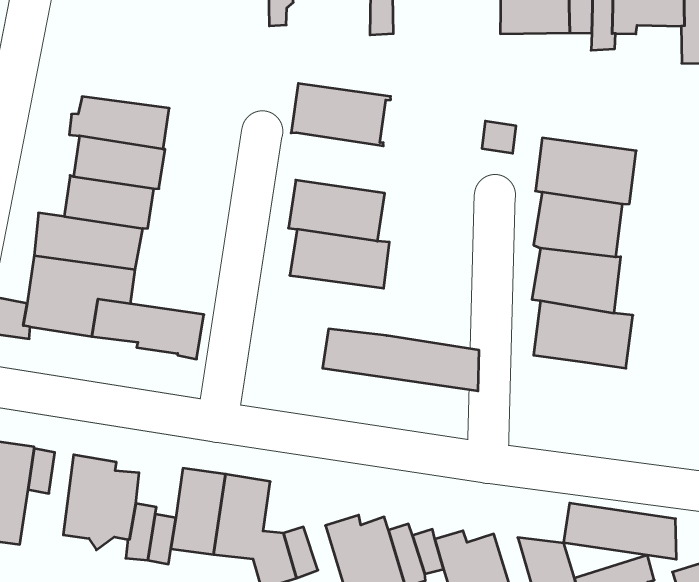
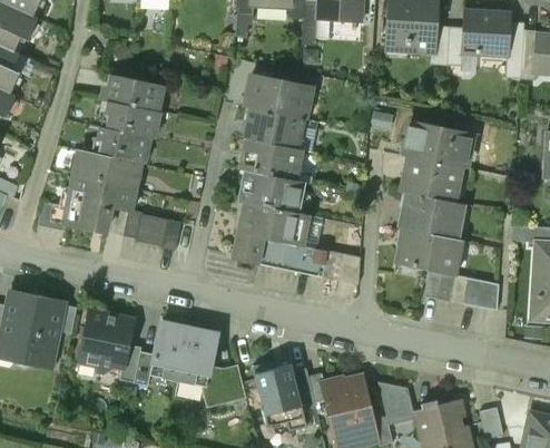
building: none -> [242,107,305,149]
building: none -> [232,202,305,263]
building: [563,503,676,559] -> [423,270,498,311]

